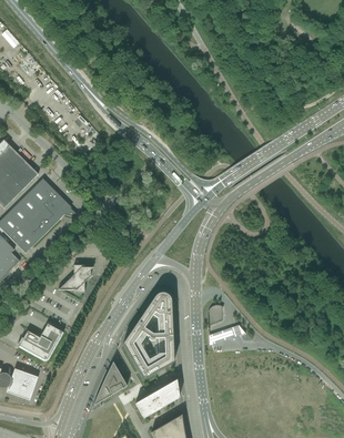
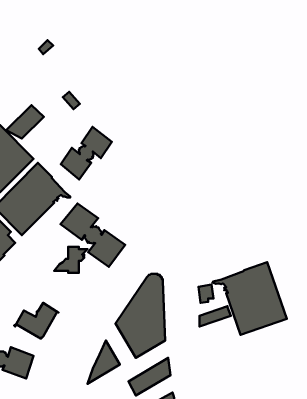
building: none -> [6,105,44,139]
building: none -> [61,127,112,179]
building: none -> [61,203,125,267]
building: none -> [213,262,287,335]

